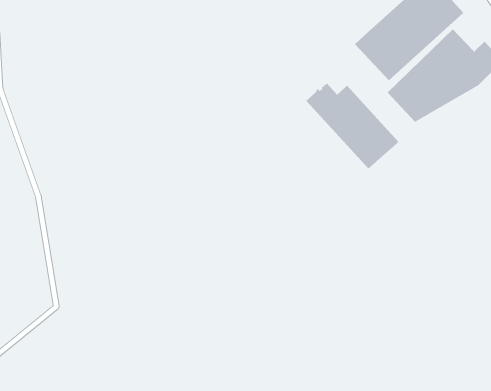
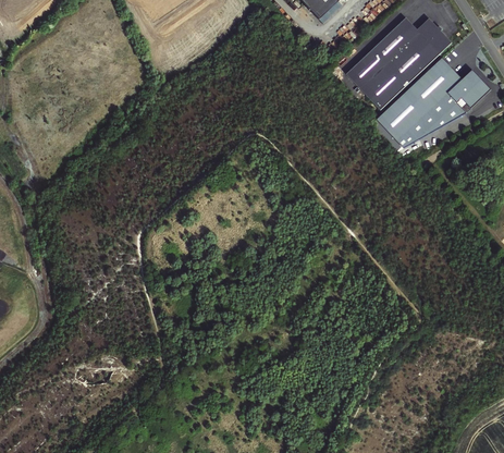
building: [306,83,400,170] -> none

